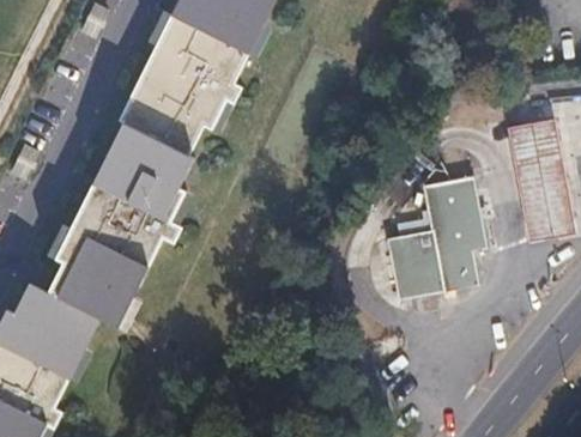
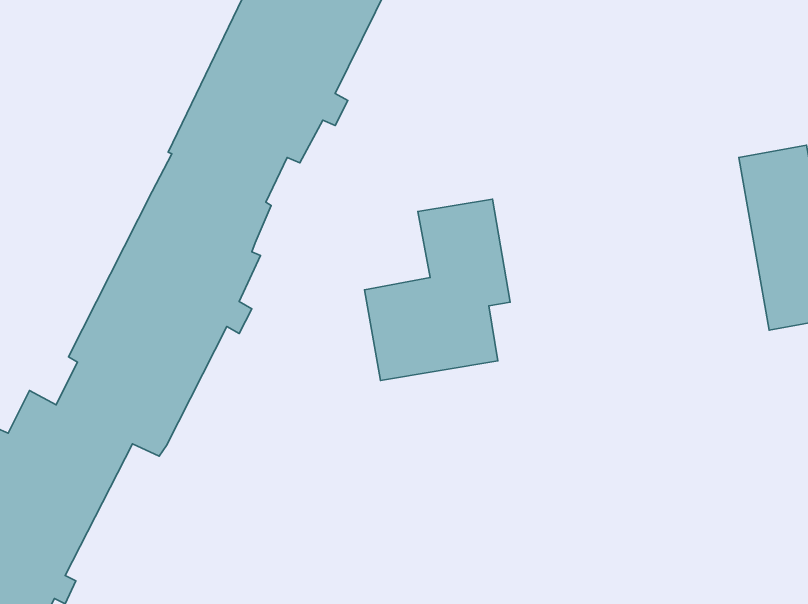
building: [386,175,484,297] -> [364,199,510,380]

